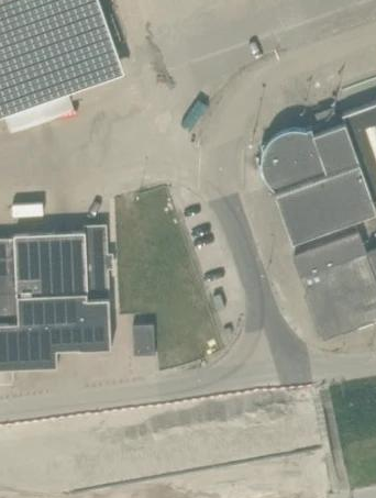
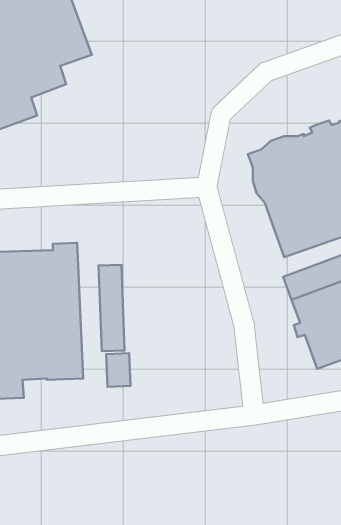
building: none -> [99,265,125,351]

